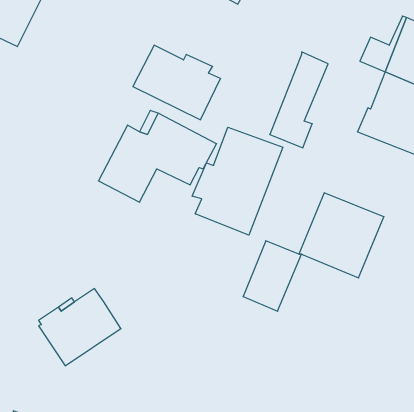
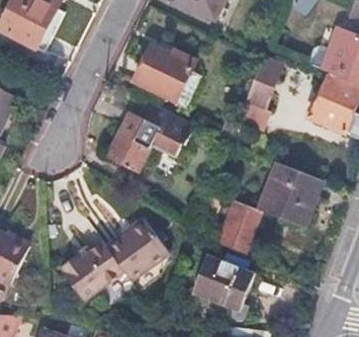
building: [192,127,283,235] -> none
building: none -> [111,222,171,279]
building: none -> [191,254,254,311]

